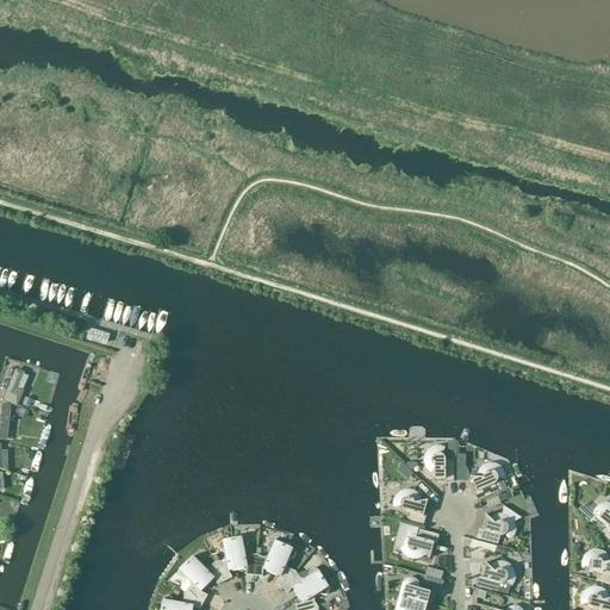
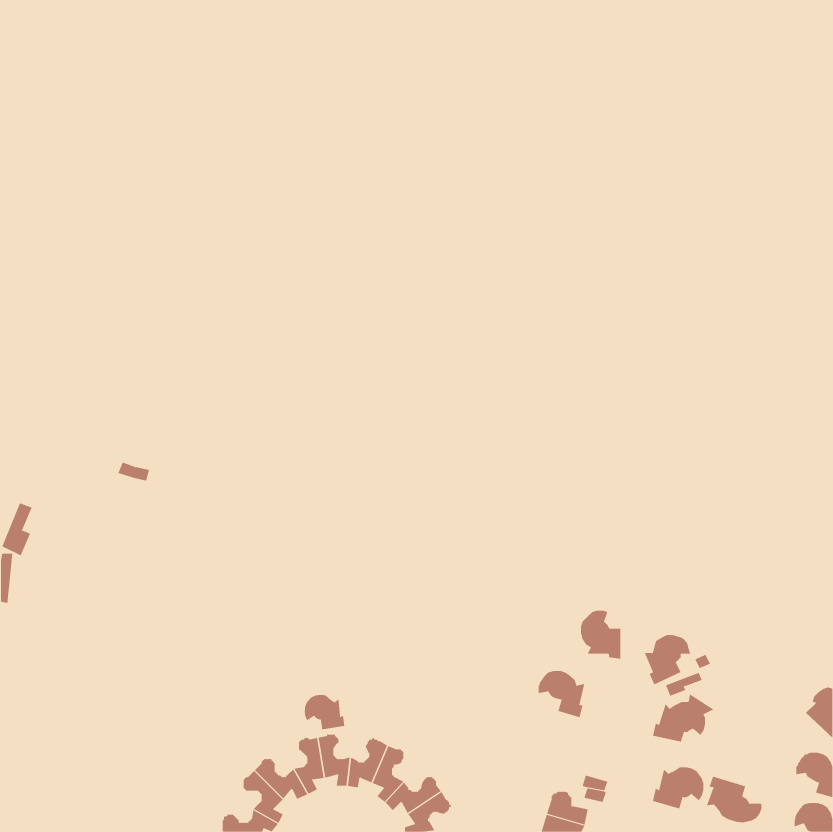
building: none -> [304,694,345,730]
building: [400,529,438,558] -> none
building: none -> [706,776,762,823]

